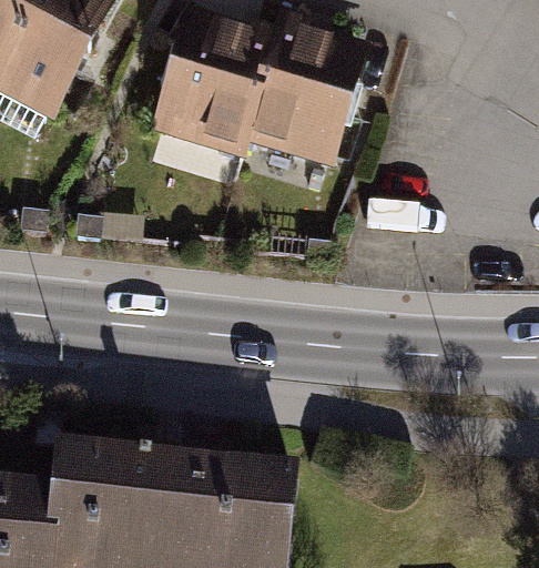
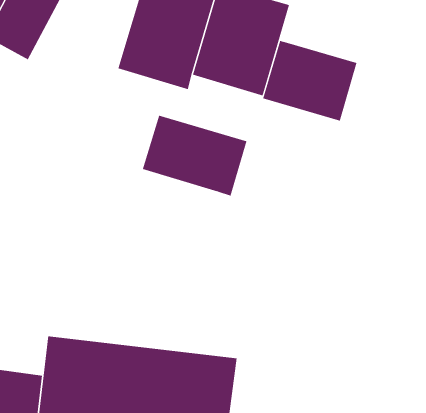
building: none -> [262,40,357,122]
building: none -> [142,115,247,196]

